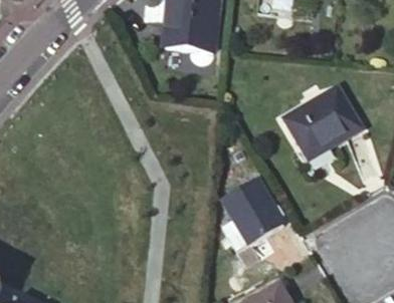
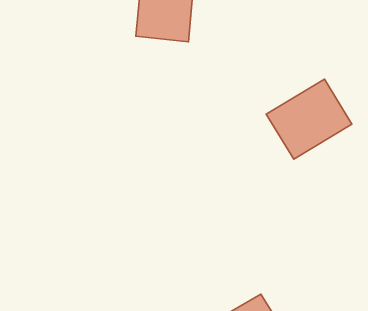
building: [220,178,282,250] -> none

